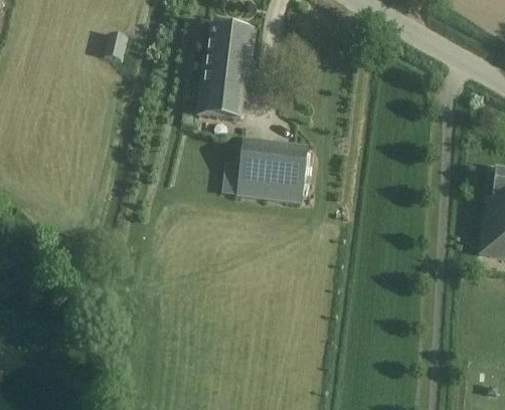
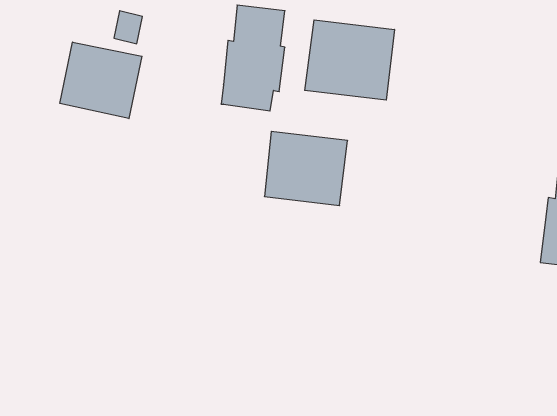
building: none -> [305,20,394,100]
building: none -> [60,42,142,119]

